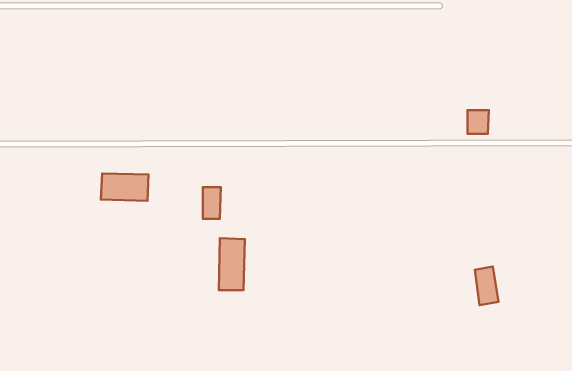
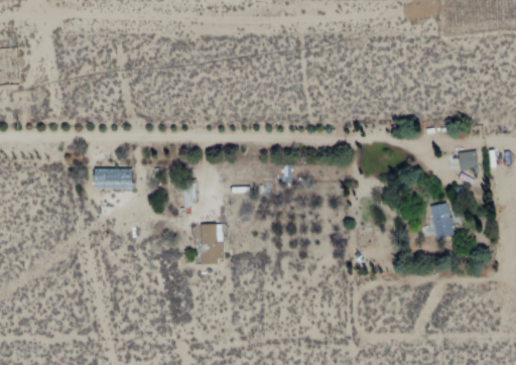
building: [467,110,489,134] -> [459,148,478,169]
building: [475,267,499,305] -> [432,203,454,237]

